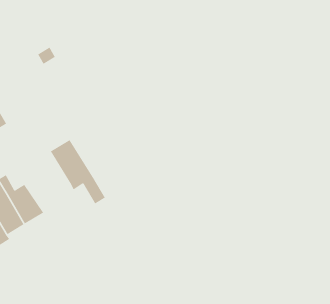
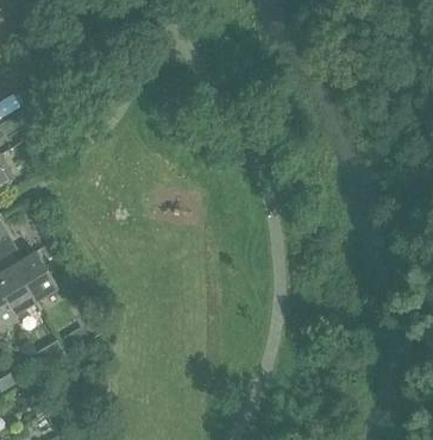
building: [50,139,106,205] -> none

